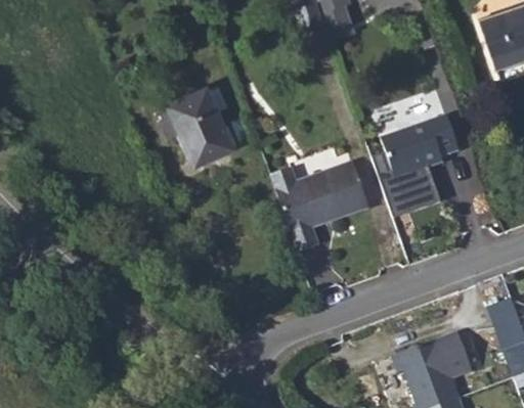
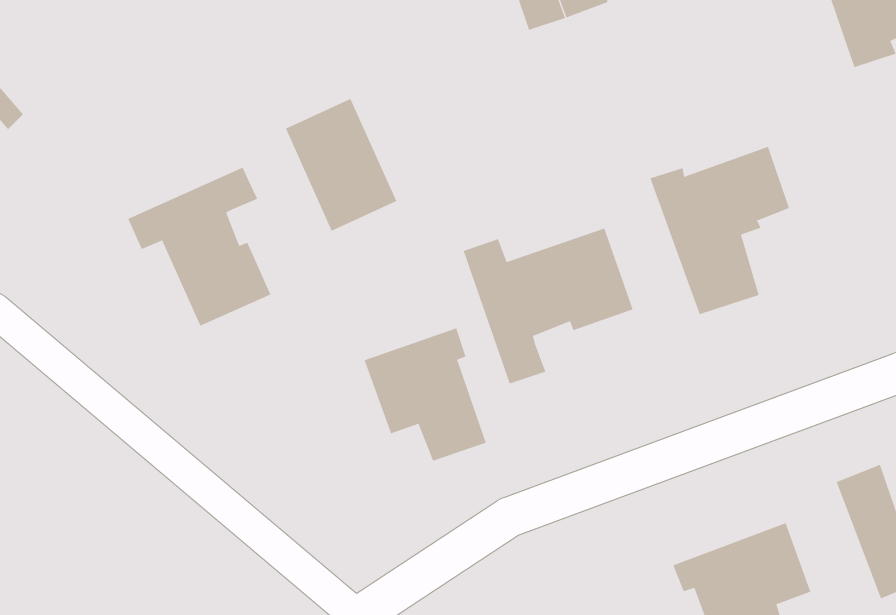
building: none -> [128,167,271,327]
building: none -> [364,328,487,461]

